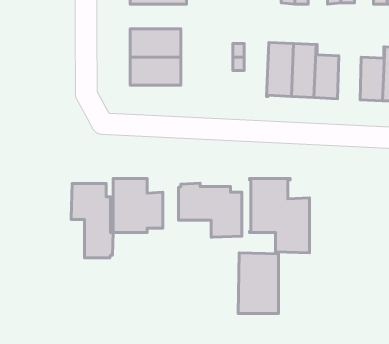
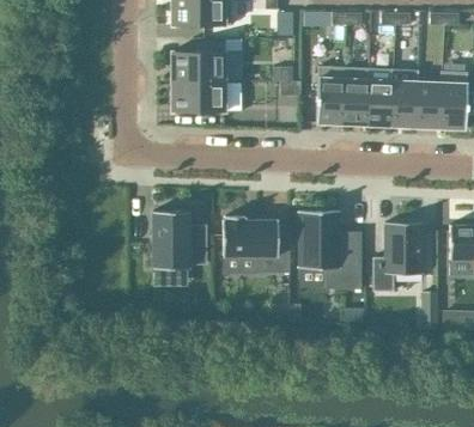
building: none -> [391,80,417,127]
building: [71,184,113,258] -> none
building: [238,253,279,314] -> [378,224,421,288]

